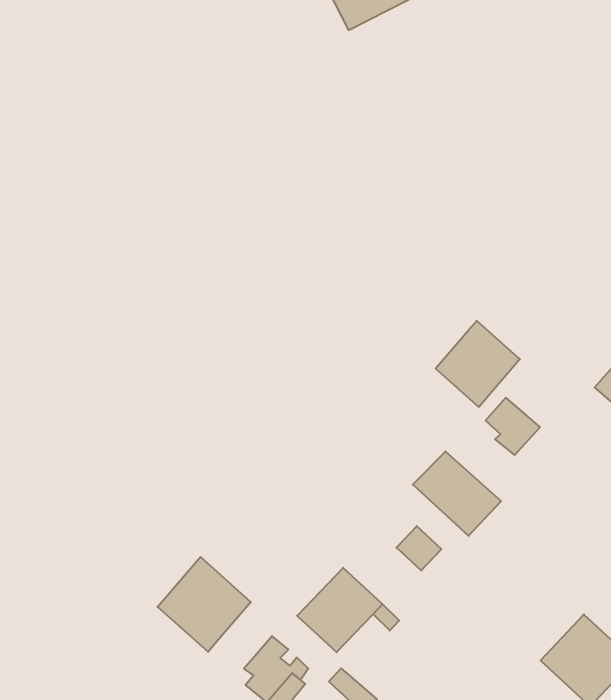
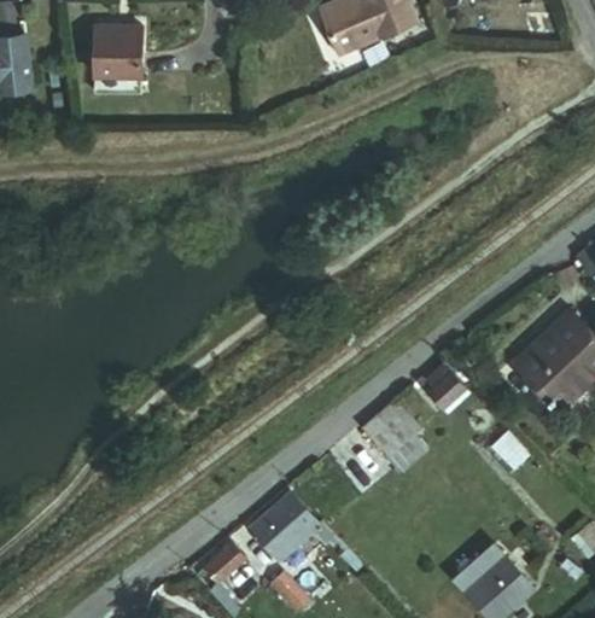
building: none -> [97,28,146,80]
building: [436,321,520,407] -> none
building: [157,557,251,652] -> none

